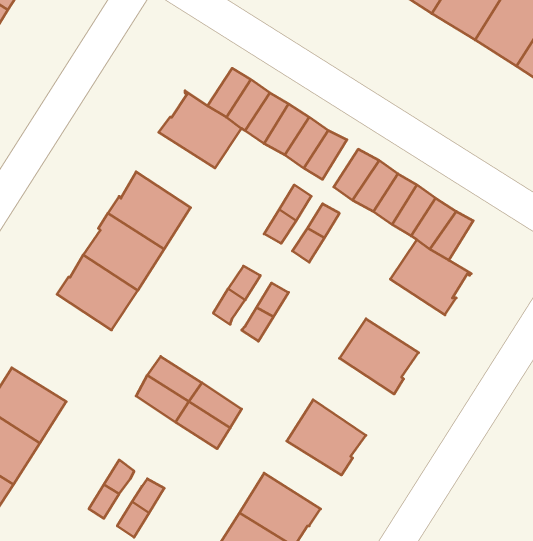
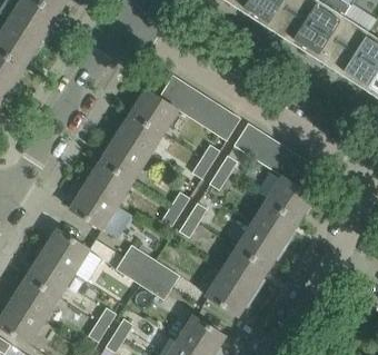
building: none -> [117,112,163,157]
building: none -> [252,199,299,243]
building: none -> [43,228,91,272]
building: none -> [221,246,269,292]

